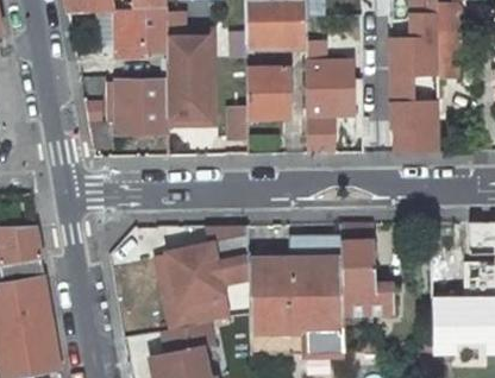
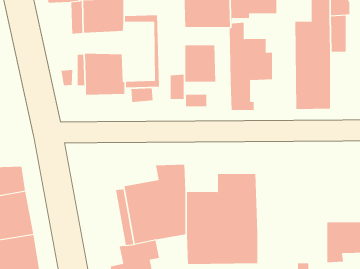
building: [165,39,207,116] -> none
building: [340,223,391,314] -> none

